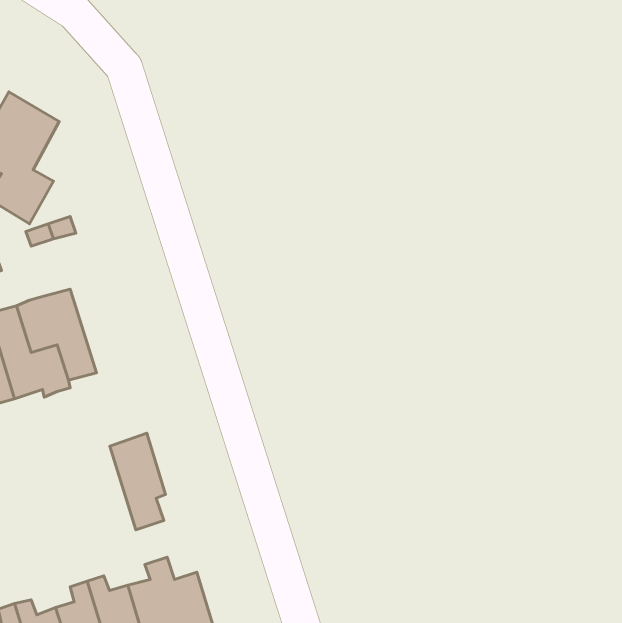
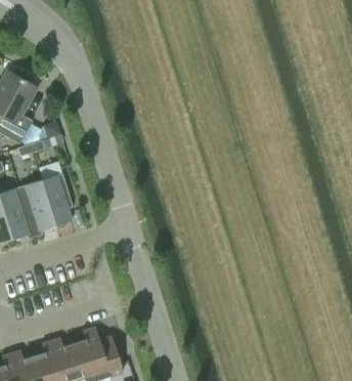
building: [110,433,166,530] -> [42,172,73,225]

